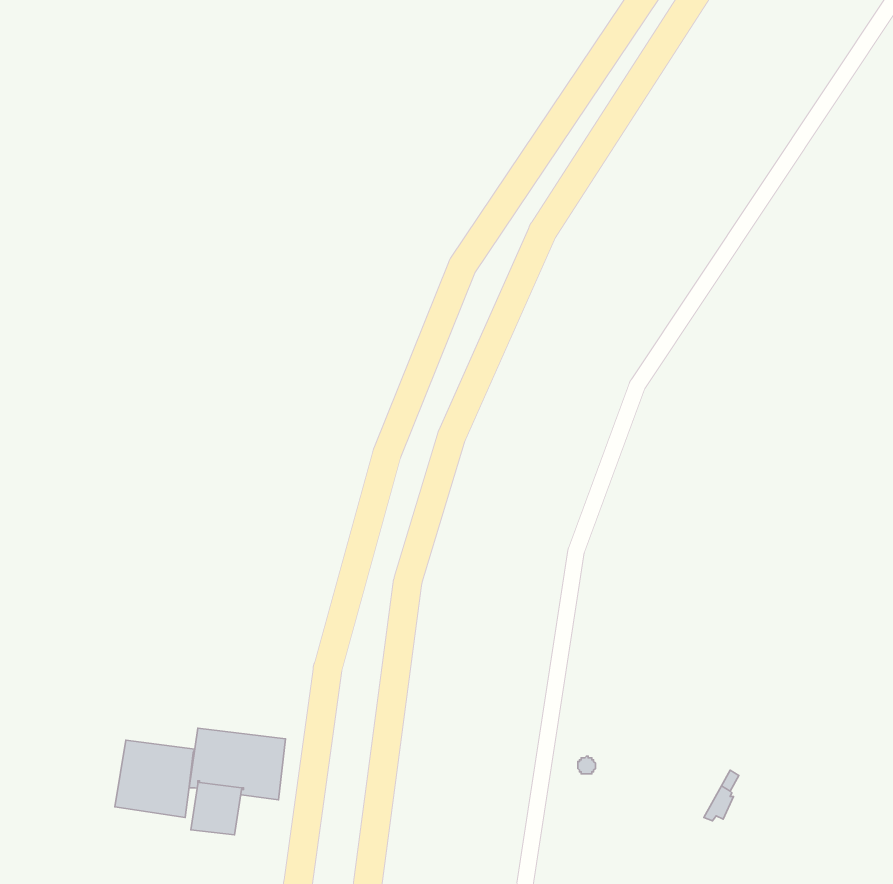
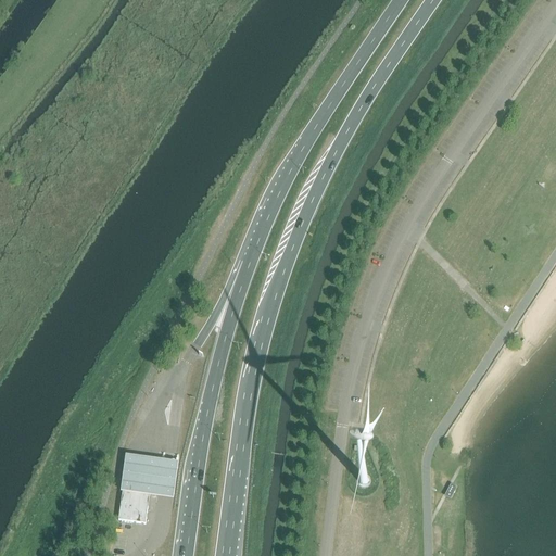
building: [115,740,195,818] -> none

